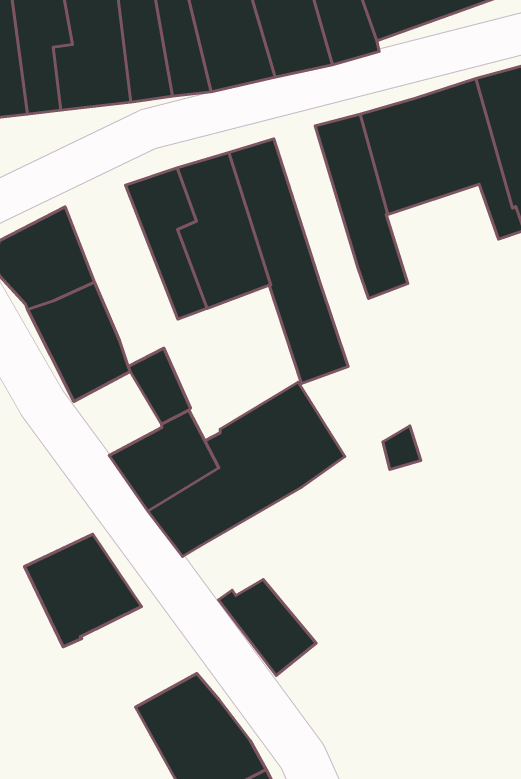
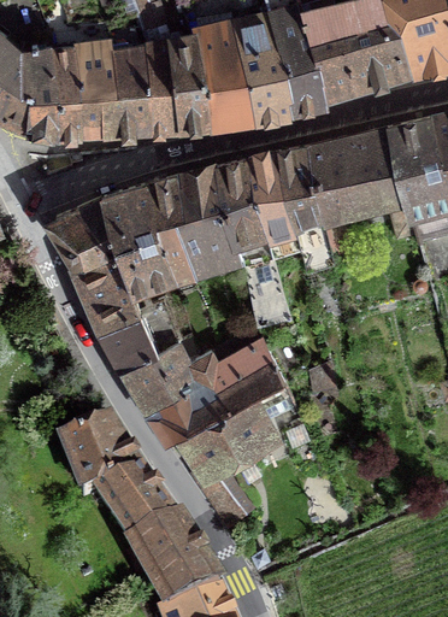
building: none -> [249,154,301,262]
building: none -> [104,187,176,293]
building: none -> [101,315,160,371]
building: none -> [181,382,290,472]
building: none -> [95,476,173,545]

